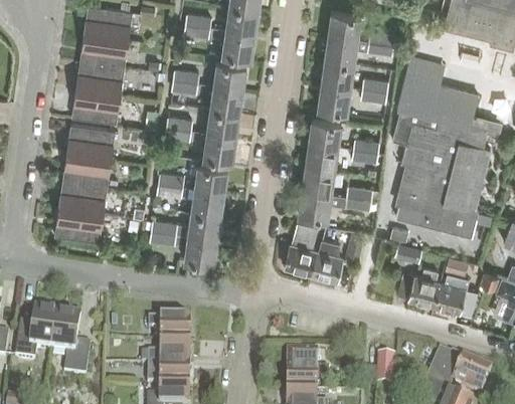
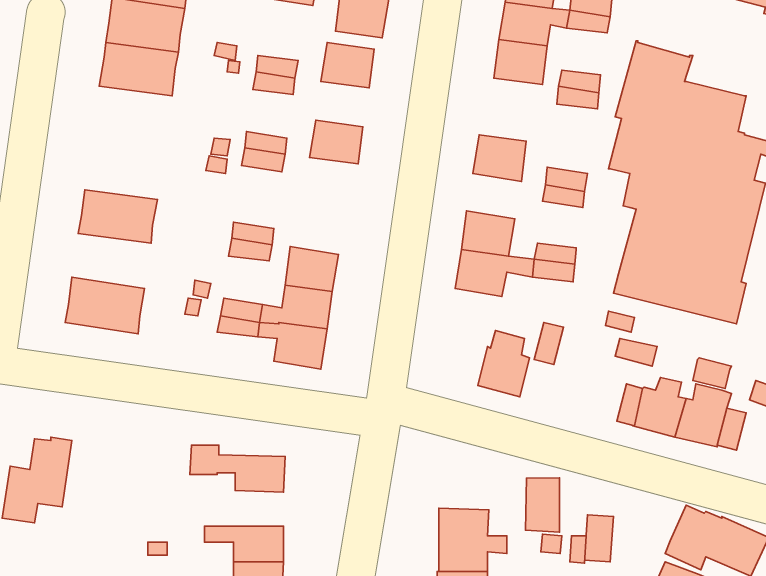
building: [318,83,351,112] -> none
building: [210,85,243,114] -> none
building: [71,88,121,123] -> none
building: [66,125,116,159] -> none
building: [203,133,236,161] -> none
building: [304,143,338,171] -> none
building: [194,164,227,193] -> none
building: [58,180,108,214] -> none
building: [285,223,318,274] -> none
building: [52,309,91,375] -> none
building: none -> [525,478,559,532]
building: [141,340,190,362] -> none

